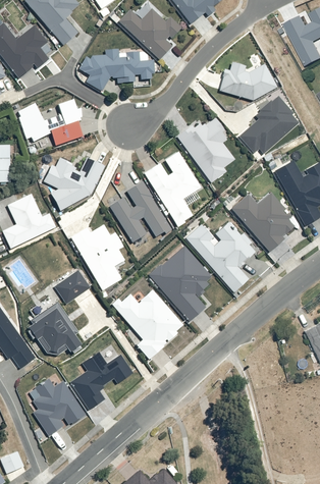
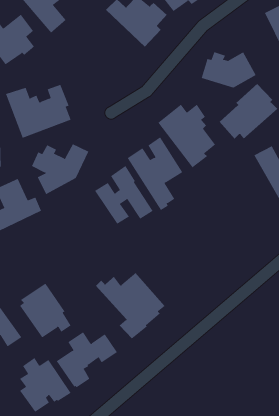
building: [79,47,155,89] -> none
building: [229,193,292,252] -> none
building: [184,222,254,291] -> none
building: [69,225,124,290] -> none
building: [147,246,210,321] -> none
building: [55,268,92,303] -> none

